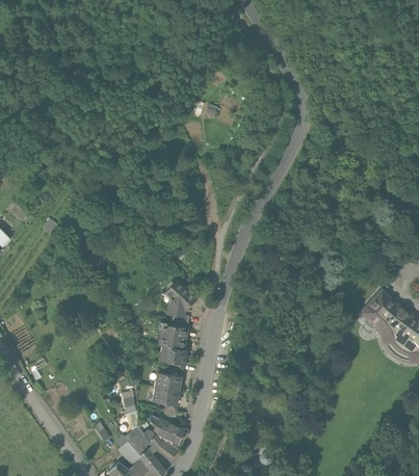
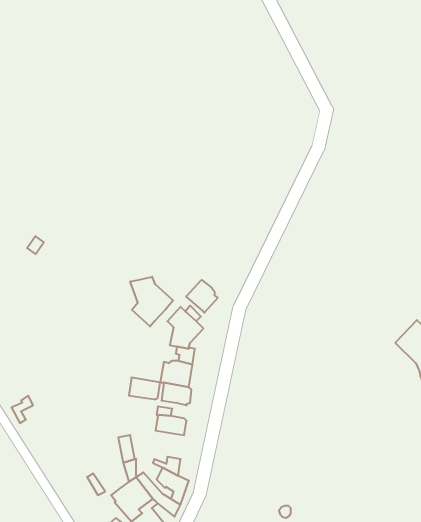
building: none -> [130,277,173,327]
building: none -> [186,280,218,313]
building: [152,387,179,405] -> [129,378,160,399]

